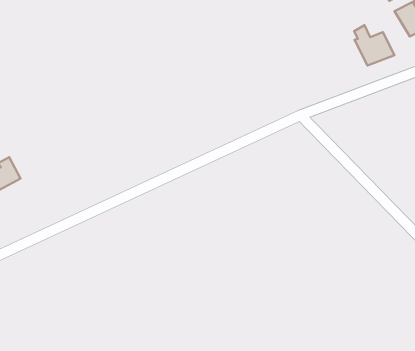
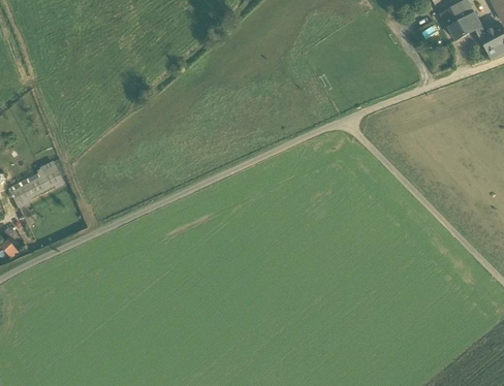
building: [354,25,394,66] -> none

